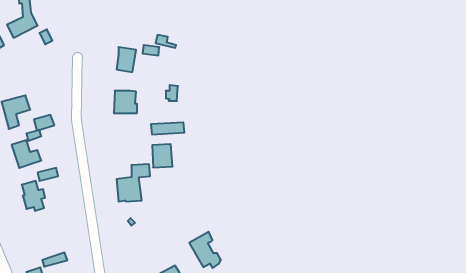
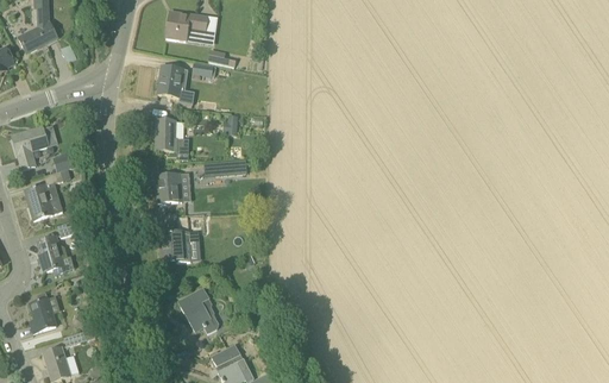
building: none -> [167,10,208,39]
building: [152,144,173,167] -> [156,172,182,202]
building: none -> [30,295,61,332]
building: [189,232,221,268] -> [178,287,219,333]

